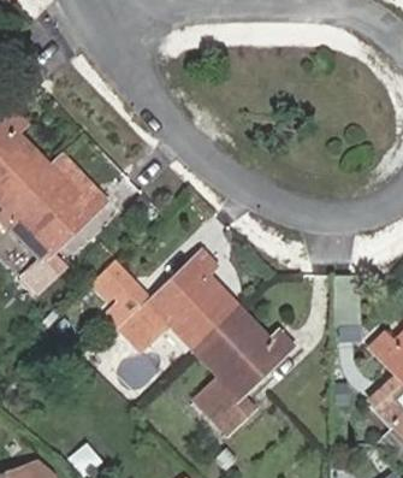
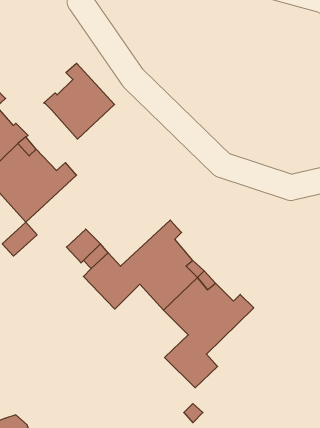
building: none -> [44,63,115,139]

